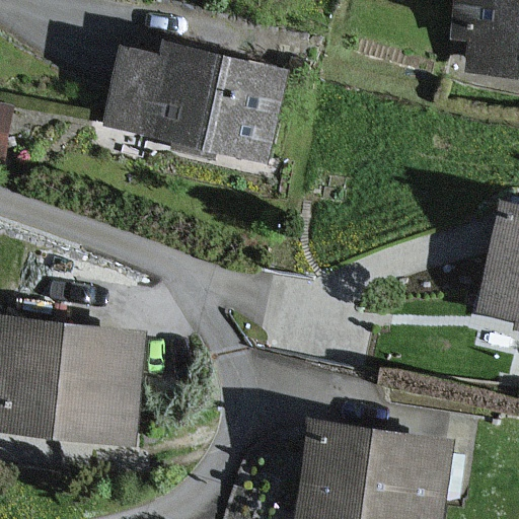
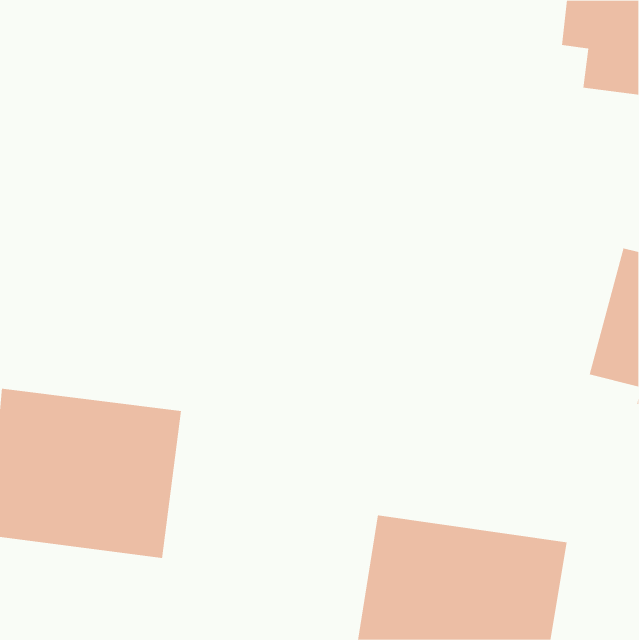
building: [102,41,291,170] -> none

